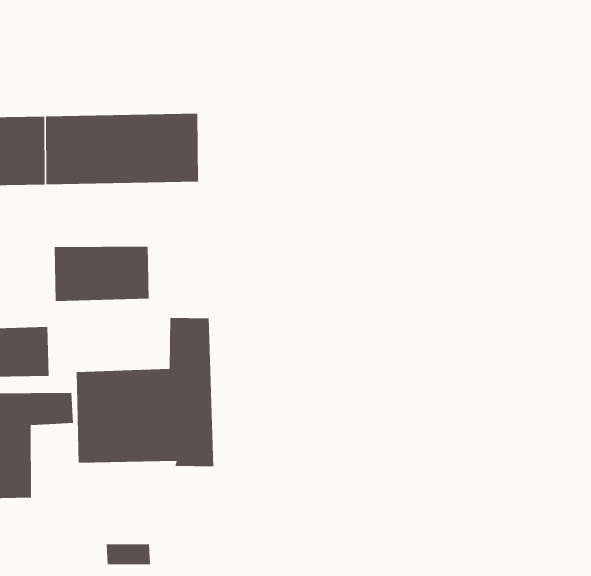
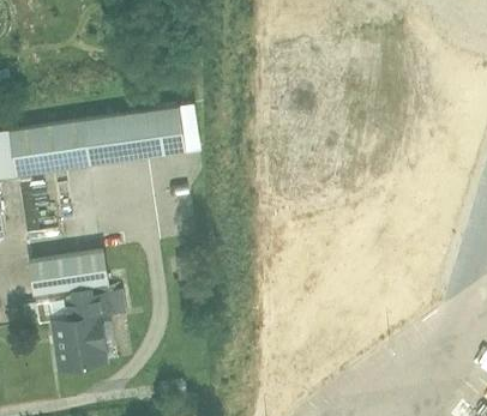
building: [54,246,149,302] -> none
building: [76,317,214,467] -> none

